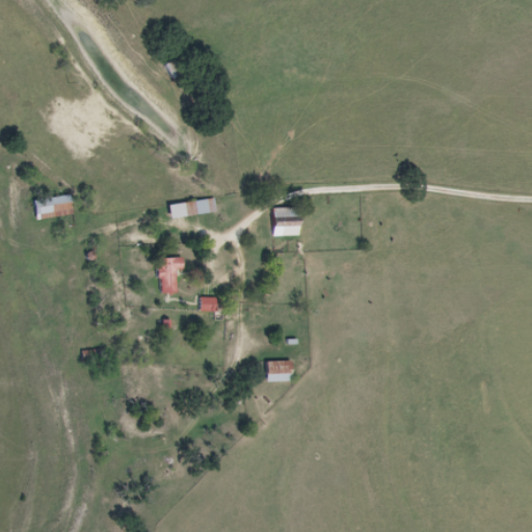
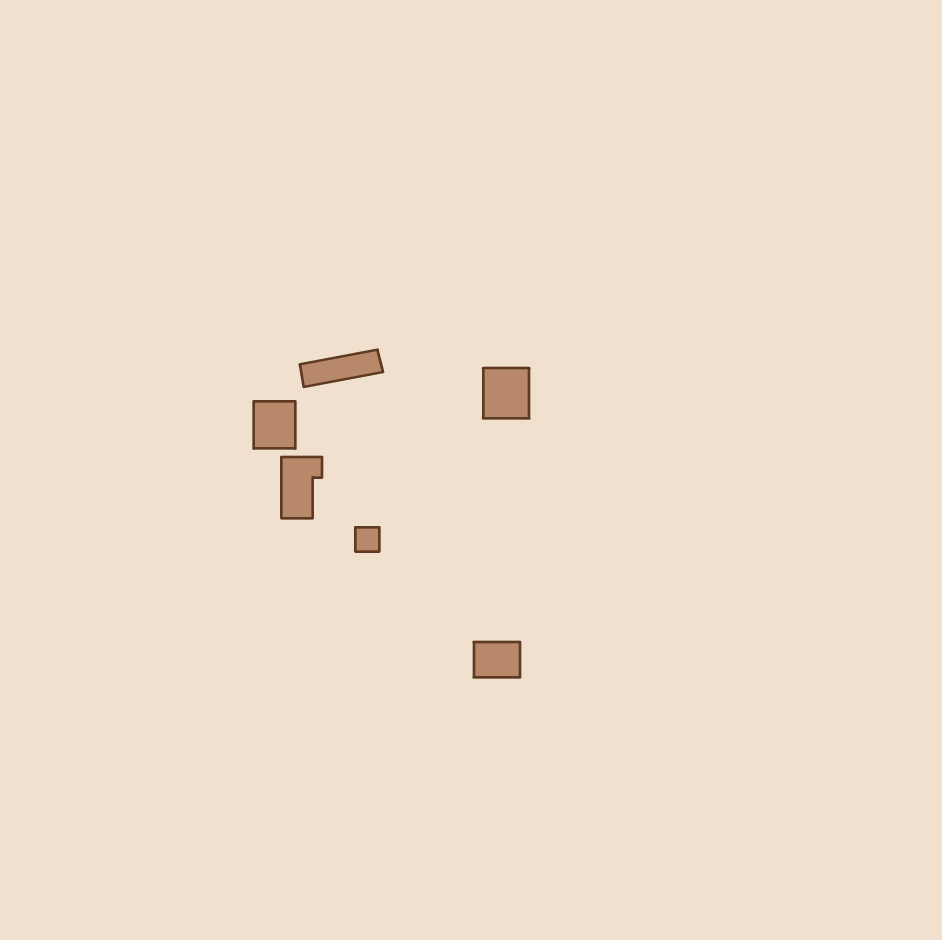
building: [36,194,76,218] -> none
building: none -> [254,401,295,449]

